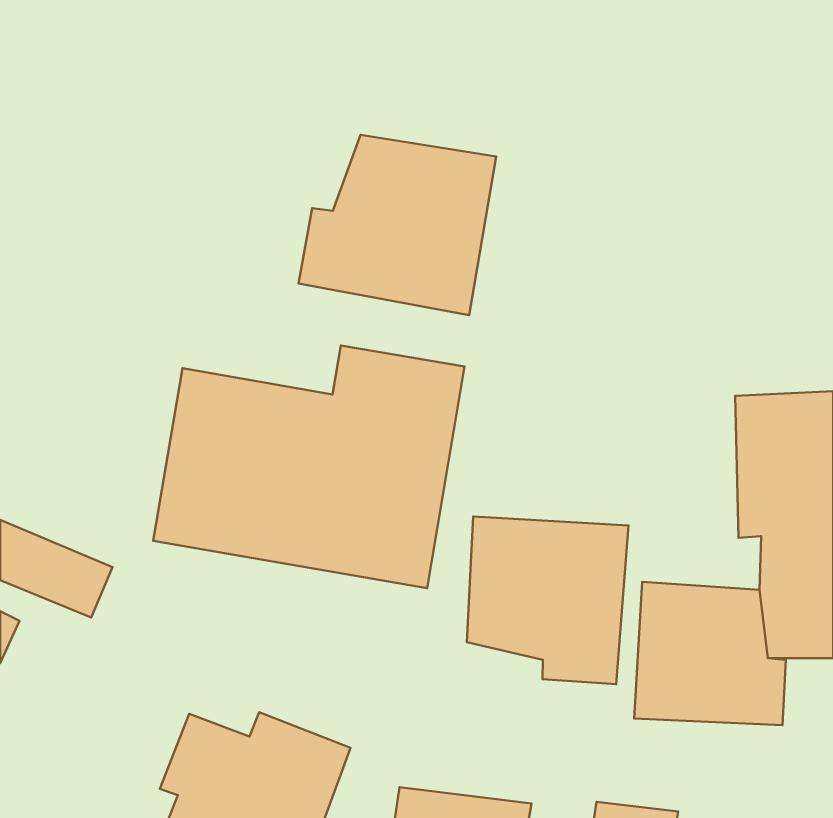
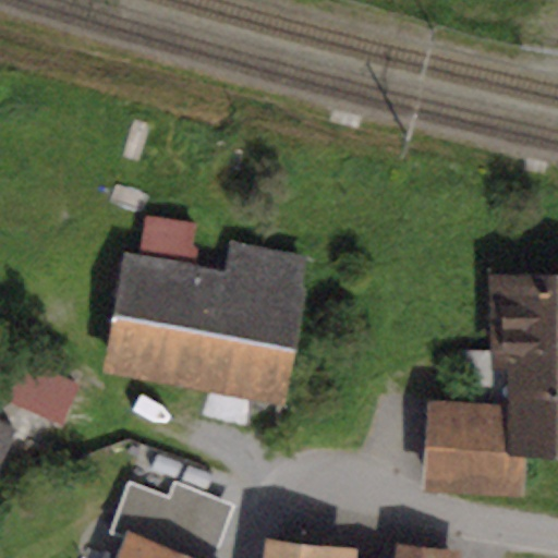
building: [299,135,496,315] -> none
building: [467,516,628,684] -> none

